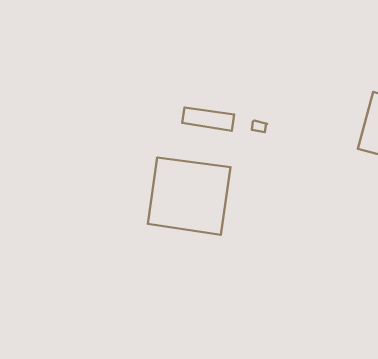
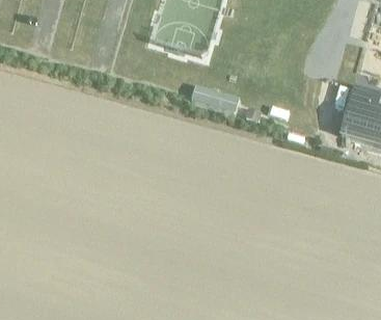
building: [148,158,230,235] -> none

